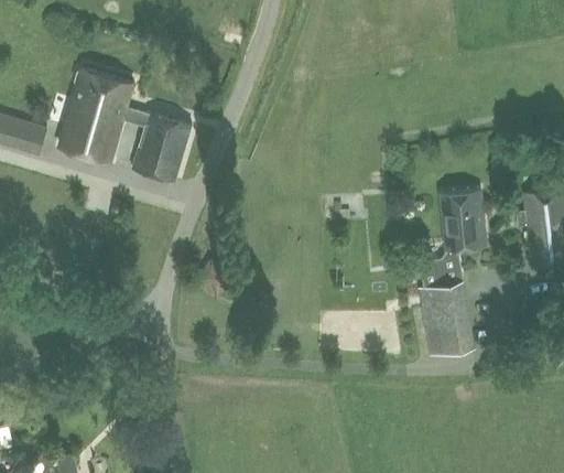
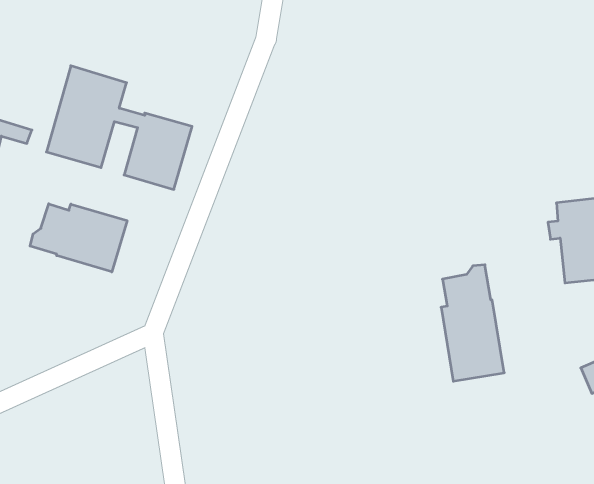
building: [442,193,486,252] -> none
building: none -> [30,204,127,272]

